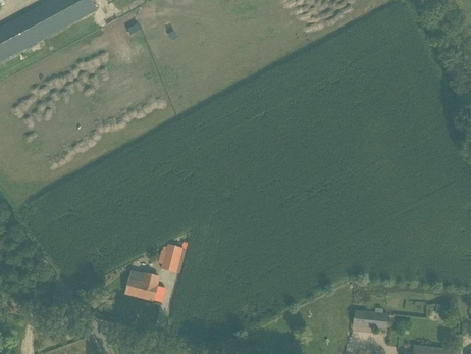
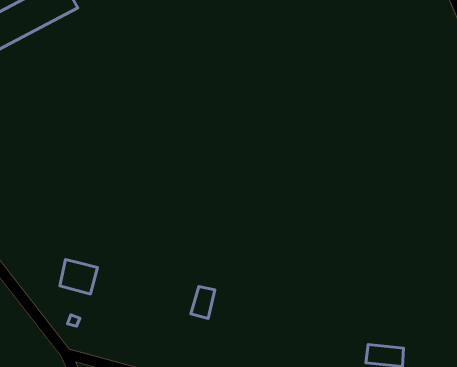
building: [160,245,181,273] -> [191,286,215,319]
building: [124,270,158,301] -> [60,259,98,294]

